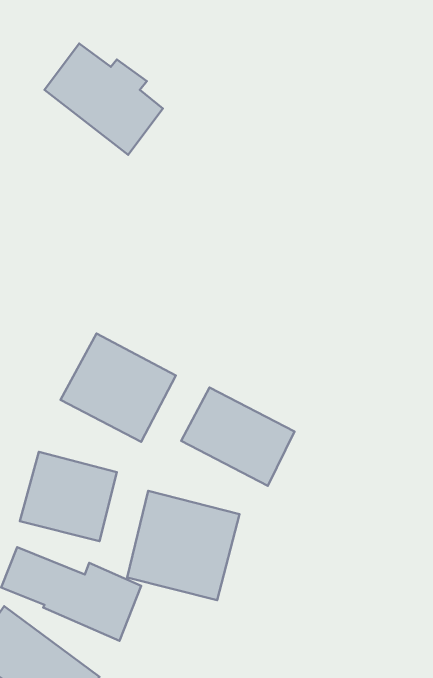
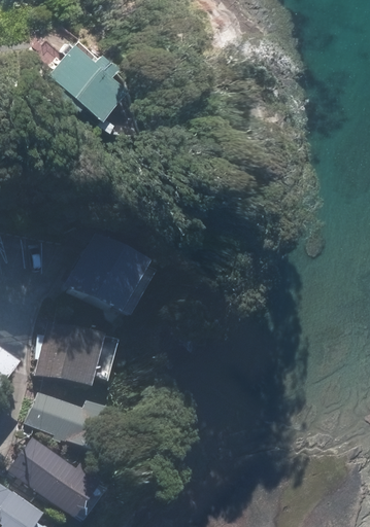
building: [181,388,294,486] -> none
building: [127,491,240,600] -> none

